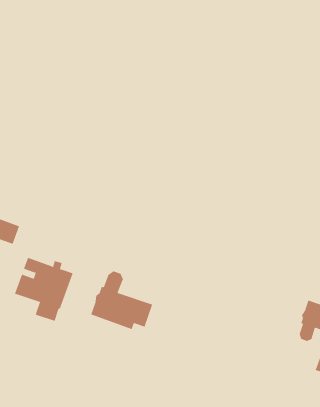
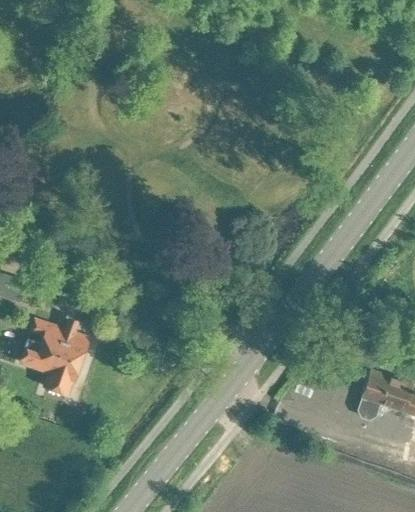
building: [90,271,153,330] -> none

